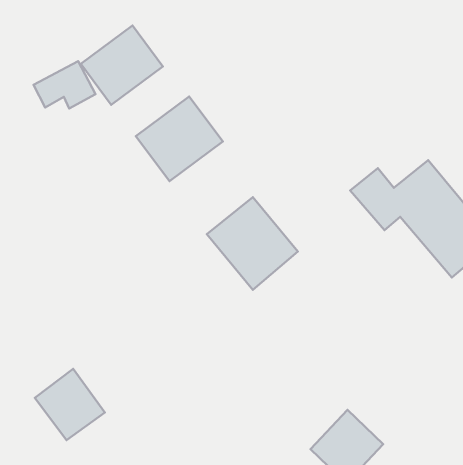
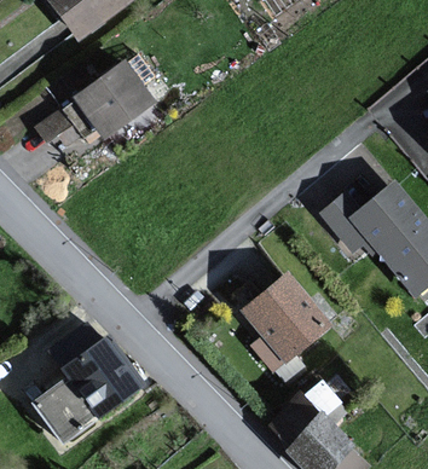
building: [136,97,223,181] -> none
building: [207,197,298,290] -> [244,276,328,360]
building: none -> [63,337,141,417]

